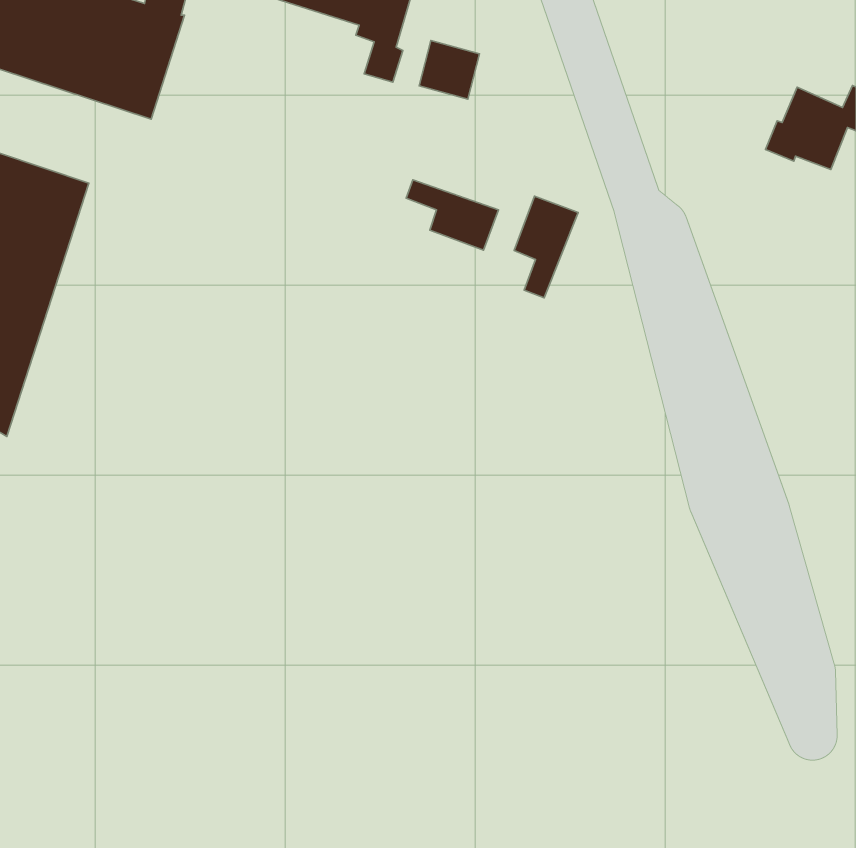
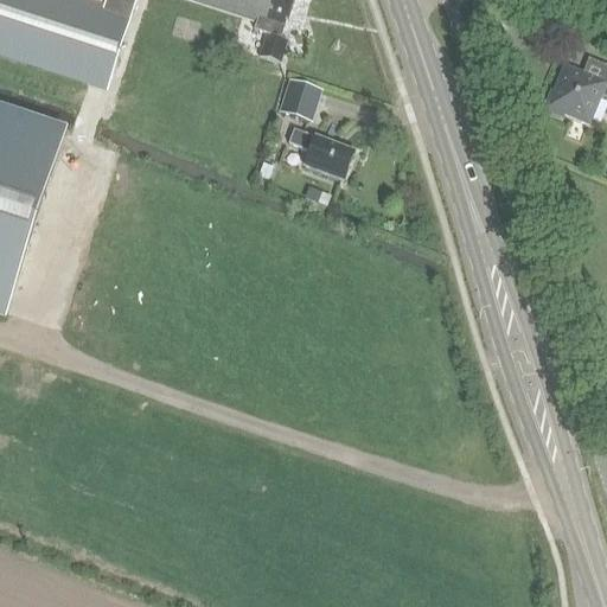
building: [419,40,480,99] -> [277,77,320,119]
building: [514,196,578,298] -> none

